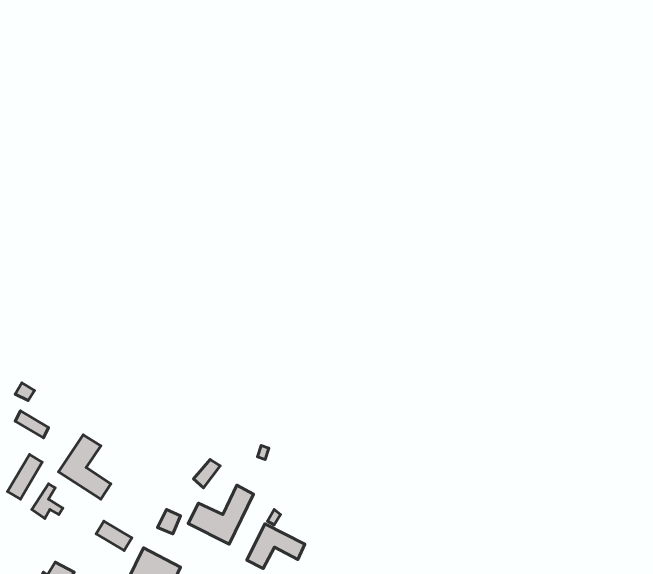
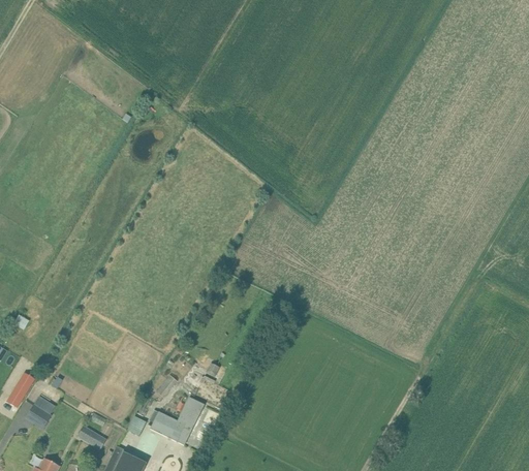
building: [59,435,111,499] -> none
building: [247,524,305,568] -> none

